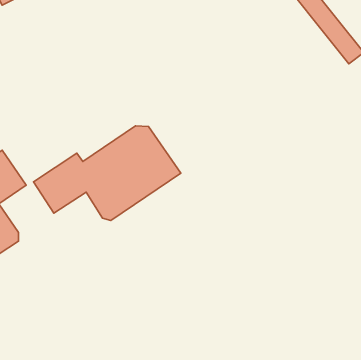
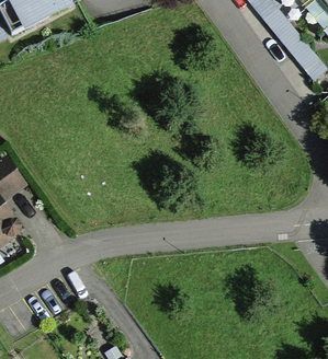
building: [34,126,181,220] -> none

